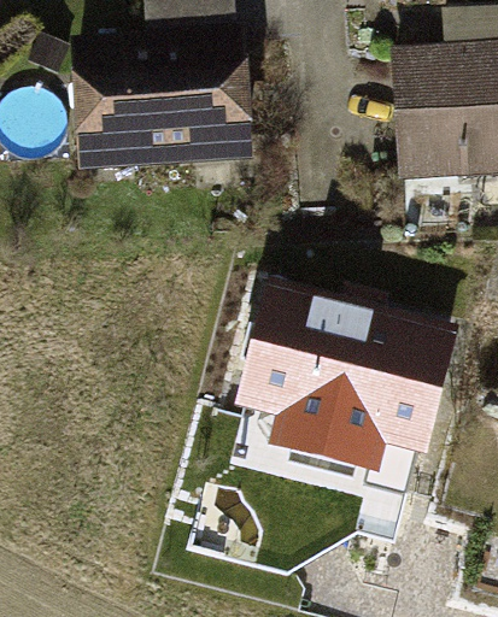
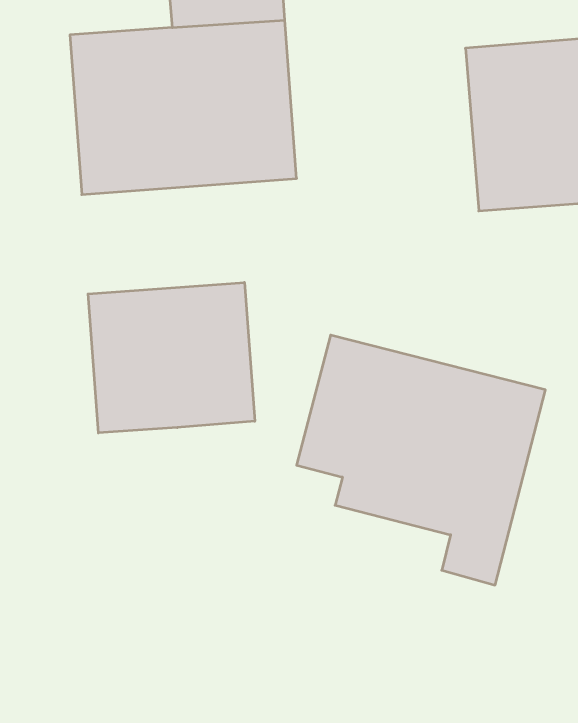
building: none -> [88,282,255,433]

